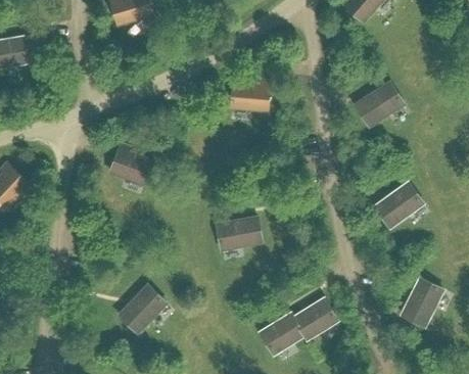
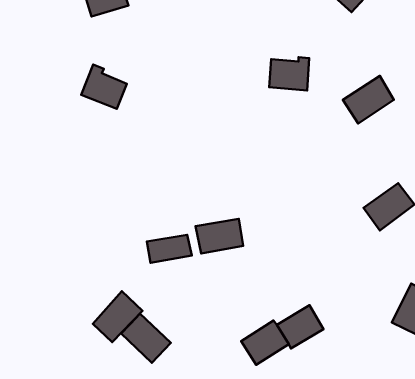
building: [232,80,270,111] -> [269,57,309,91]
building: [110,143,153,185] -> [81,65,127,109]
building: none -> [147,235,192,263]
building: none -> [121,314,171,363]

